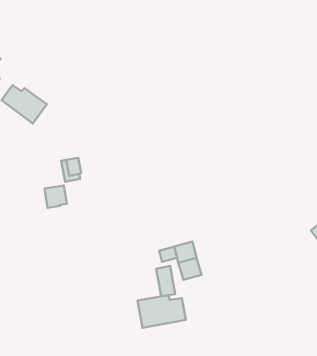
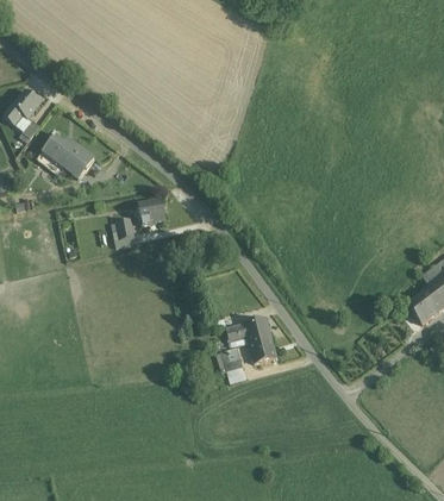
building: [45,186,67,208] -> [138,200,164,226]
building: [138,295,186,328] -> none

